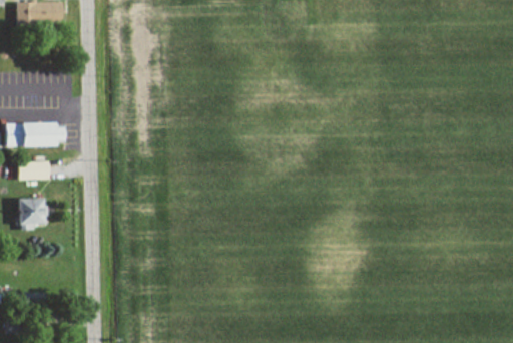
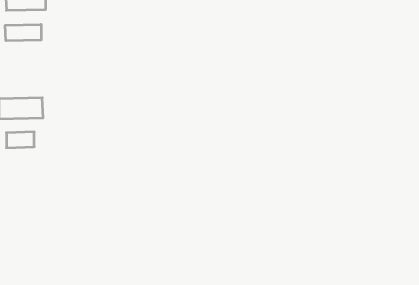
building: none -> [5,24,41,41]
building: [16,198,44,225] -> none

